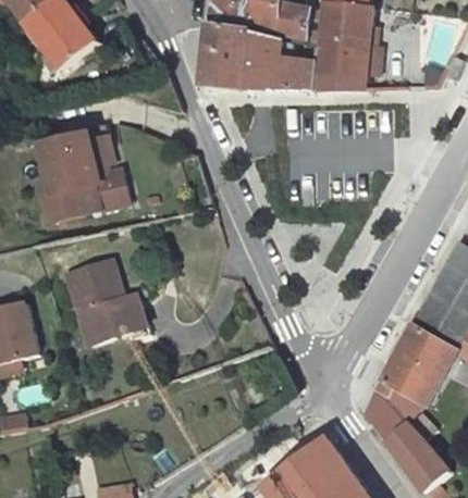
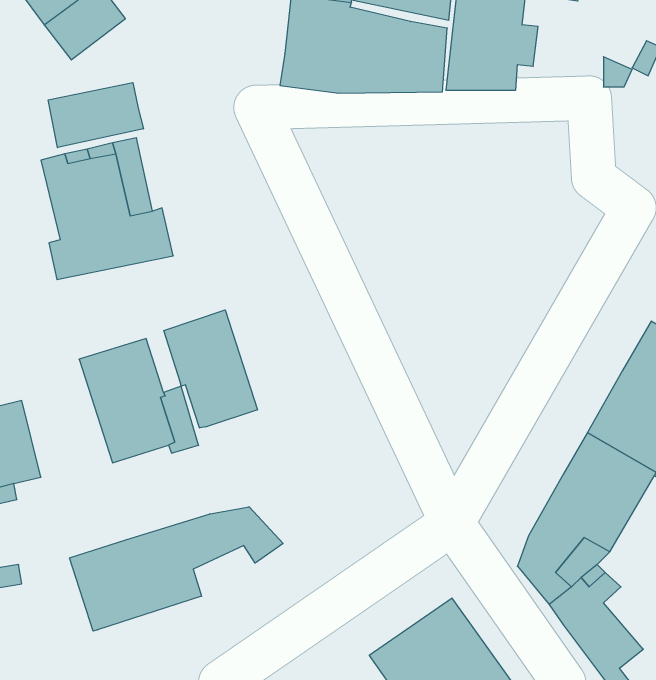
building: none -> [48,83,143,148]
building: none -> [164,310,257,428]
building: none -> [70,507,283,631]

